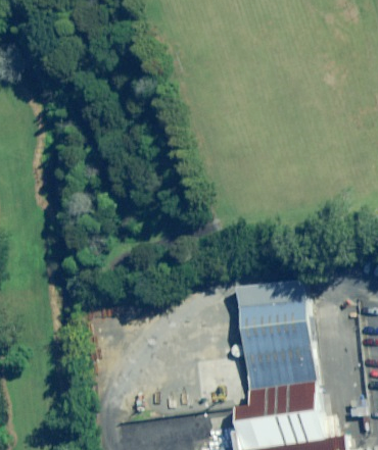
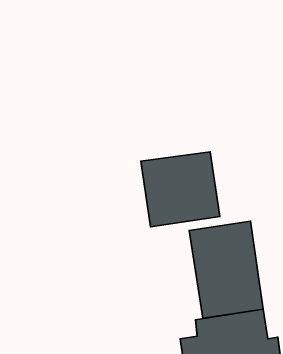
building: none -> [141,152,220,227]

